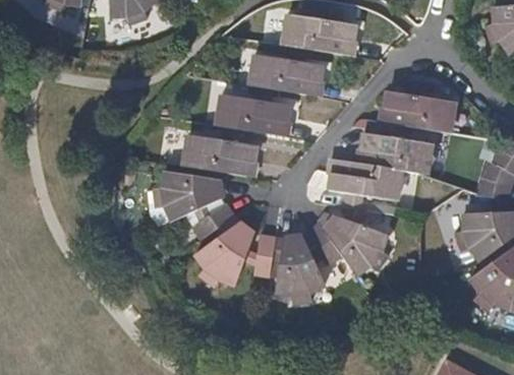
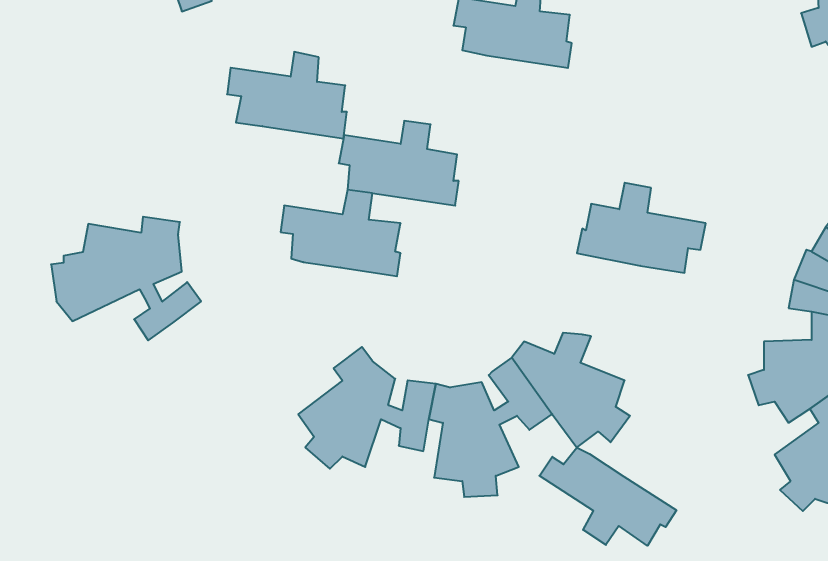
building: [252,45,322,95] -> [227,52,347,138]
building: [381,80,454,131] -> none
building: [330,157,399,208] -> none
building: [147,167,233,238] -> [51,217,201,340]
building: none -> [539,448,676,546]

